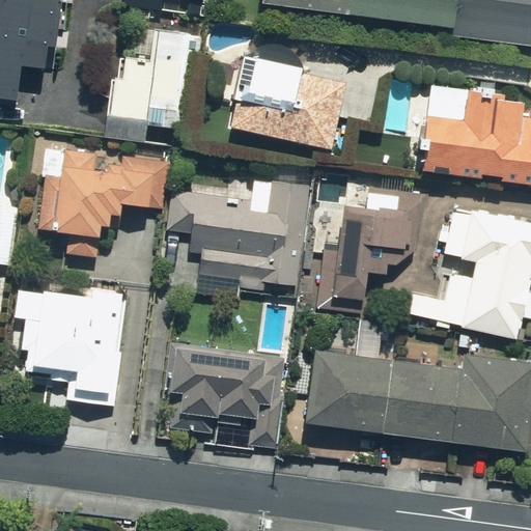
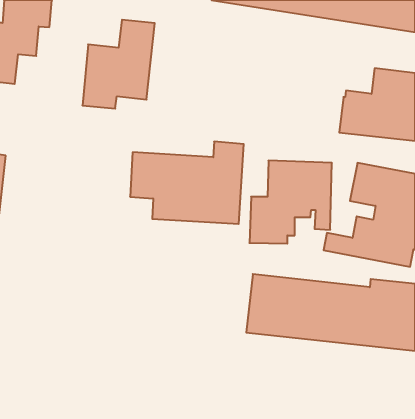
building: [218,48,353,152] -> none
building: [37,147,167,241] -> none
building: [19,292,122,396] -> none
building: [162,342,285,451] -> none

